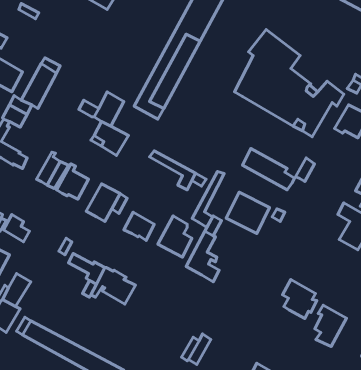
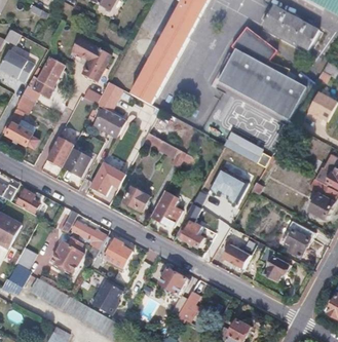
building: none -> [261,6,317,50]
building: none -> [73,37,110,80]
building: [192,171,224,227] -> none
building: none -> [50,238,82,271]
building: none -> [225,242,253,268]
building: none -> [159,265,187,292]
building: [315,305,347,347] -> [287,220,314,256]
building: none -> [90,279,122,314]

